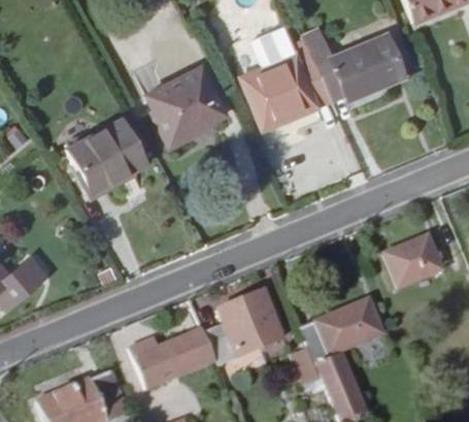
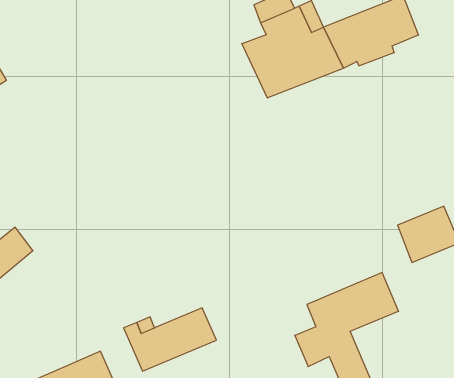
building: [147,67,224,141] -> none
building: [68,118,147,193] -> none
building: [205,289,282,361] -> none

